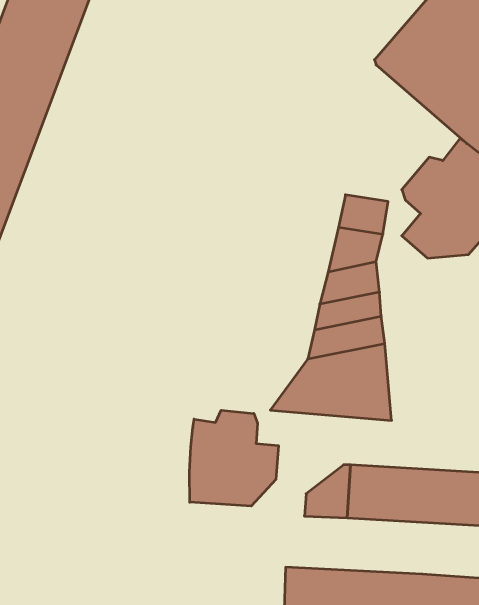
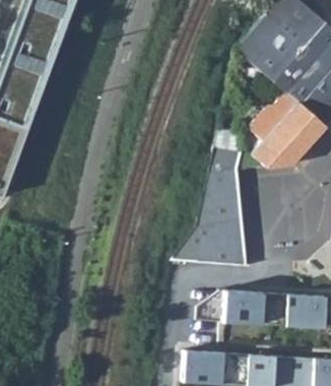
building: [189,410,278,506] -> none

